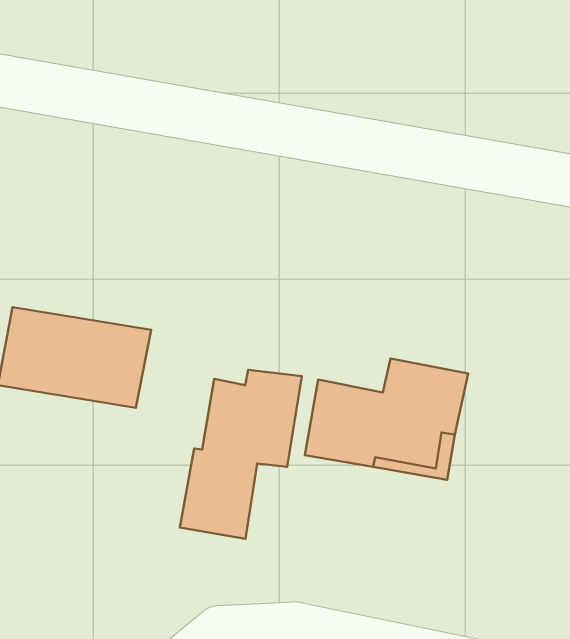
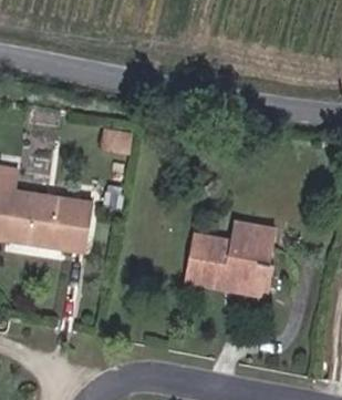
building: [180,370,302,539] -> none

